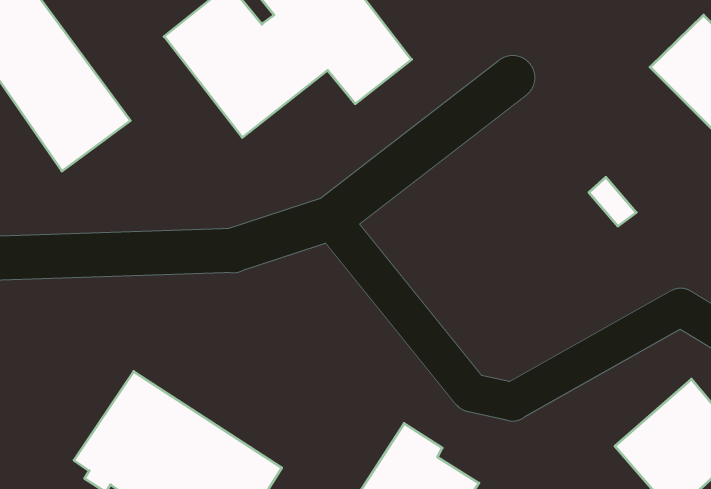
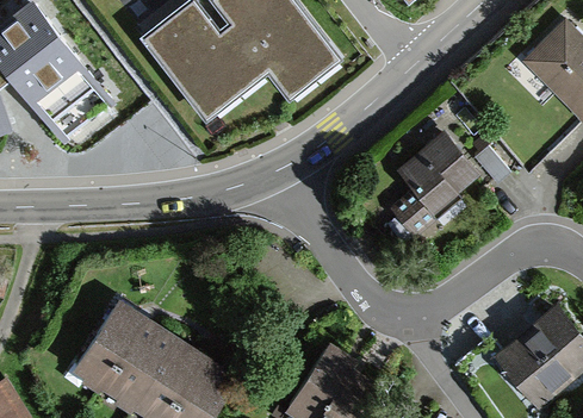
building: none -> [390,133,479,242]

